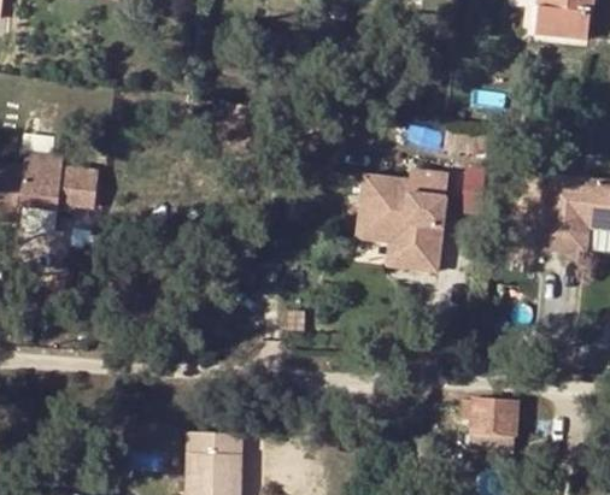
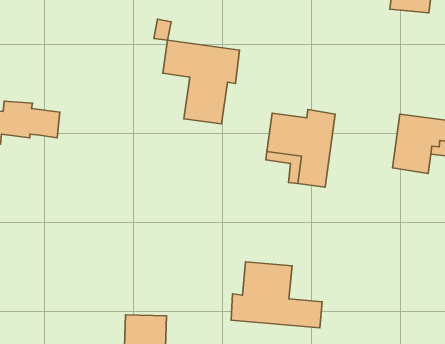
building: none -> [163,40,239,124]
building: none -> [231,262,322,328]
building: [462,399,516,431] -> none

